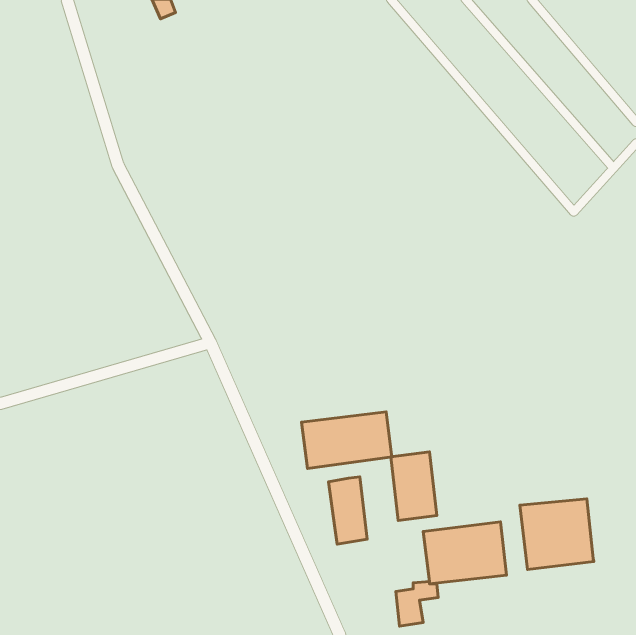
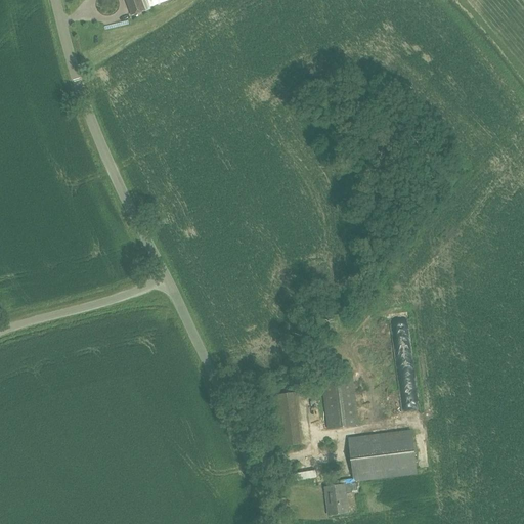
building: [301,412,392,468] -> none
building: [520,499,594,569] -> none

